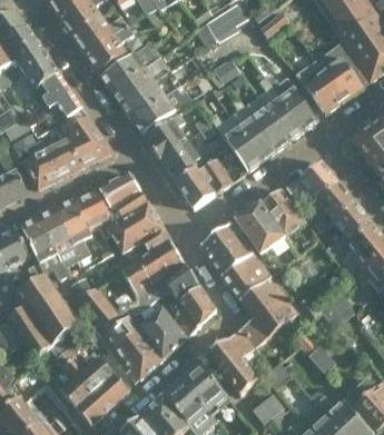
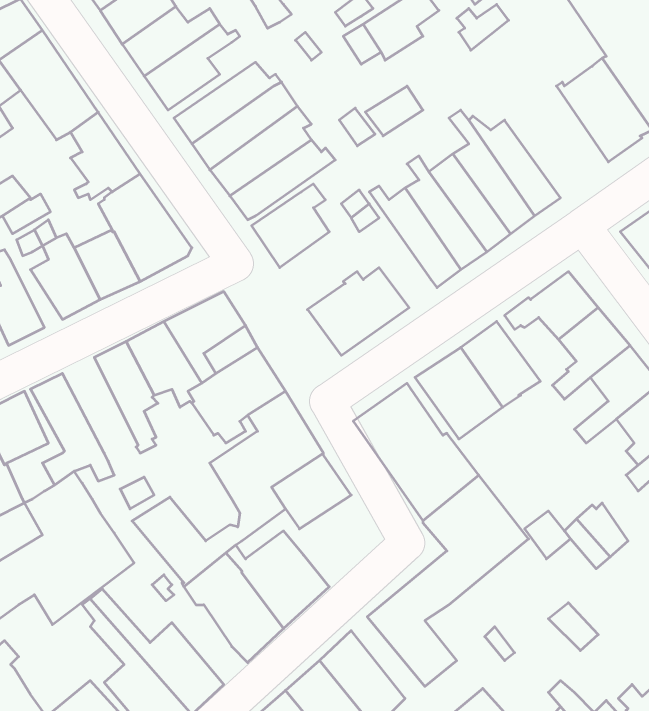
building: [295,58,343,113] -> none
building: [159,139,203,182] -> none
building: [38,209,80,267] -> none
building: [164,286,216,337] -> none

